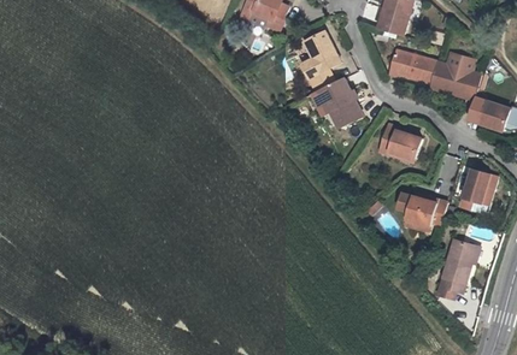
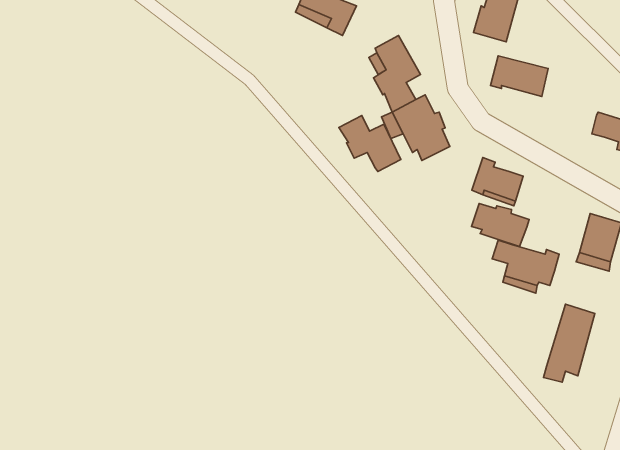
building: [431,55,482,93] -> none
building: none -> [339,116,401,171]
building: none -> [472,203,529,247]

